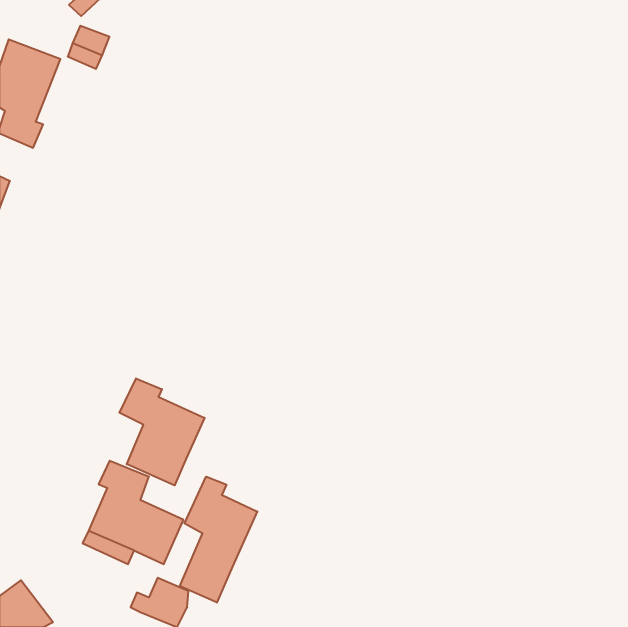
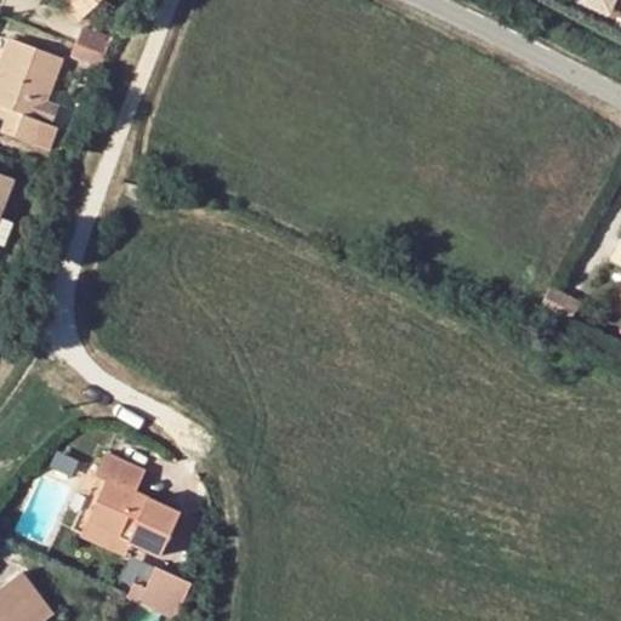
building: [119,378,205,485] -> none
building: [180,477,257,603] -> none

